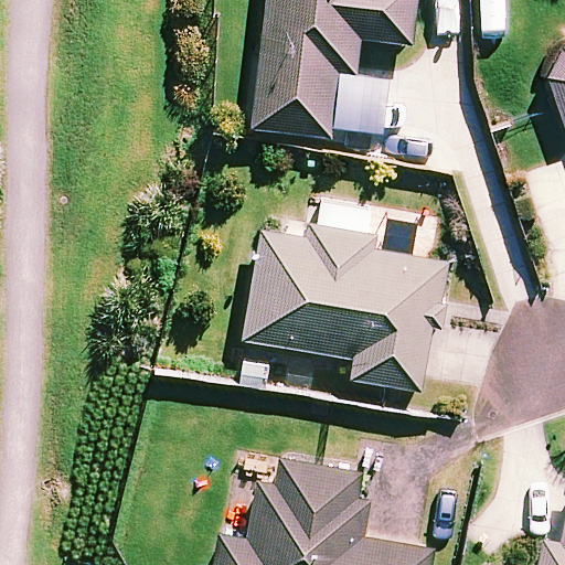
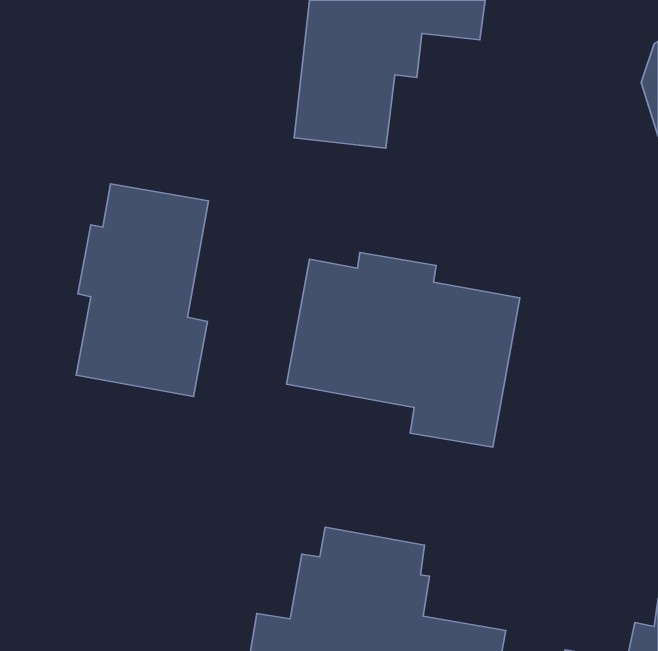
building: none -> [76,184,209,396]

